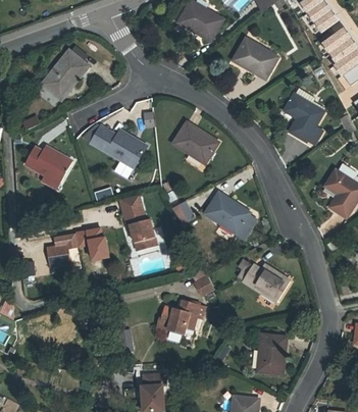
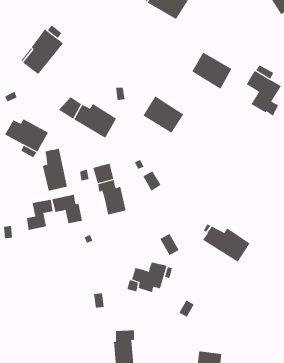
building: [233,38,276,79] -> [191,52,232,90]
building: none -> [42,148,67,192]
building: [204,192,255,238] -> none
building: [256,333,286,373] -> none

